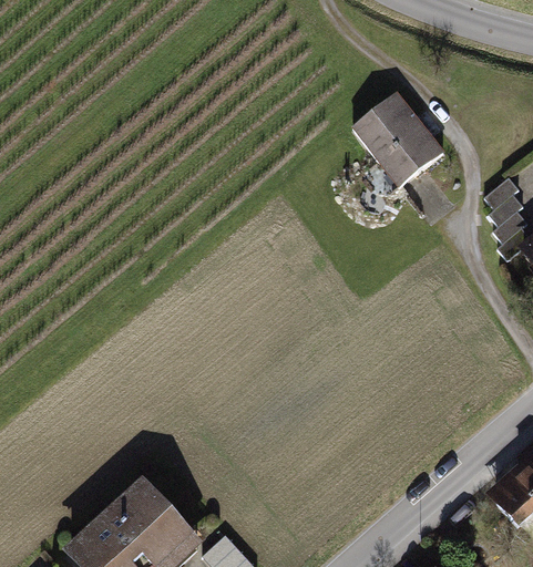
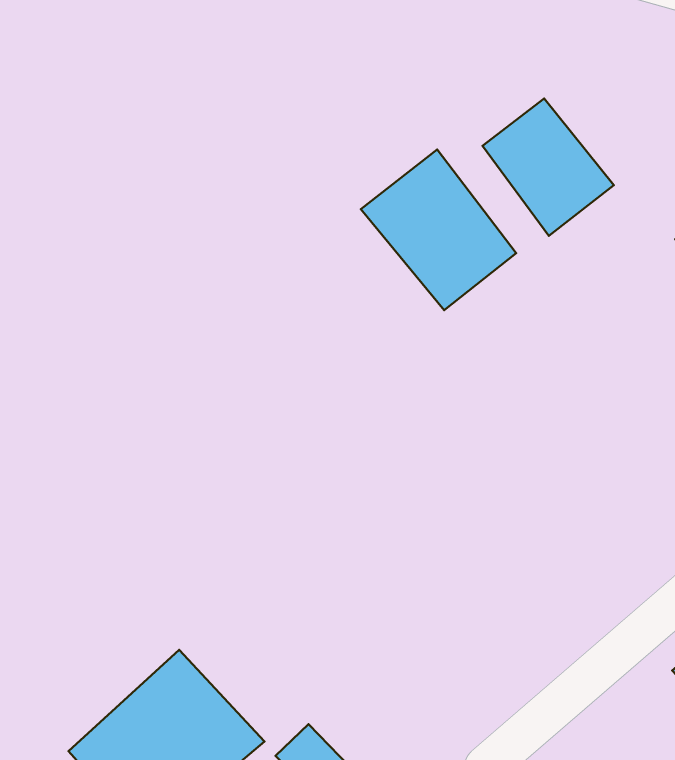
building: none -> [361,149,516,310]

